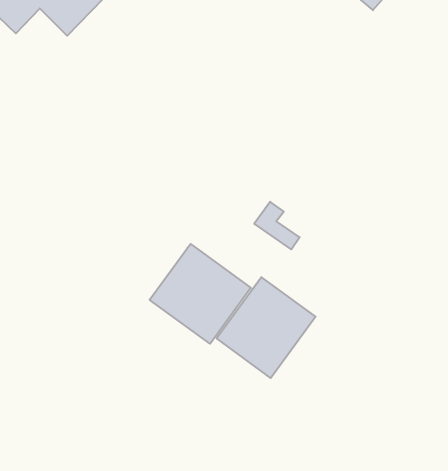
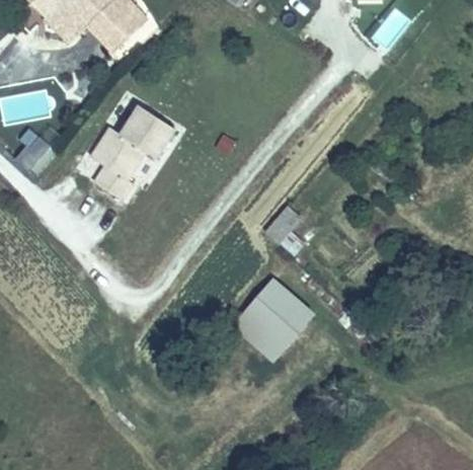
building: none -> [97,108,172,199]
building: [150,244,251,344] -> none

